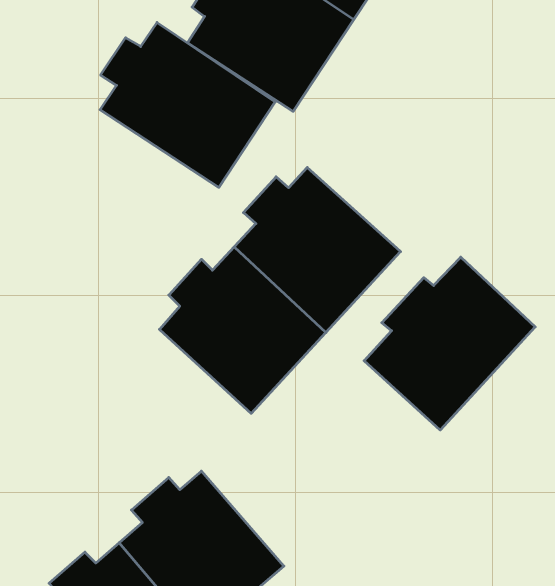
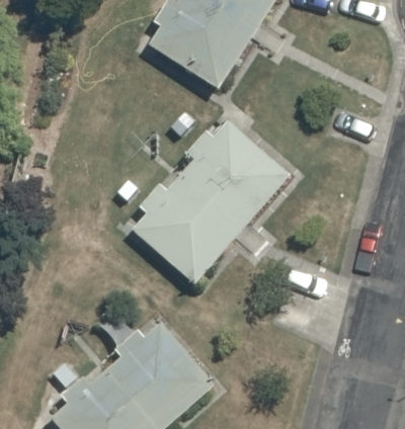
building: [100,22,275,187] -> none
building: [364,257,535,430] -> none

